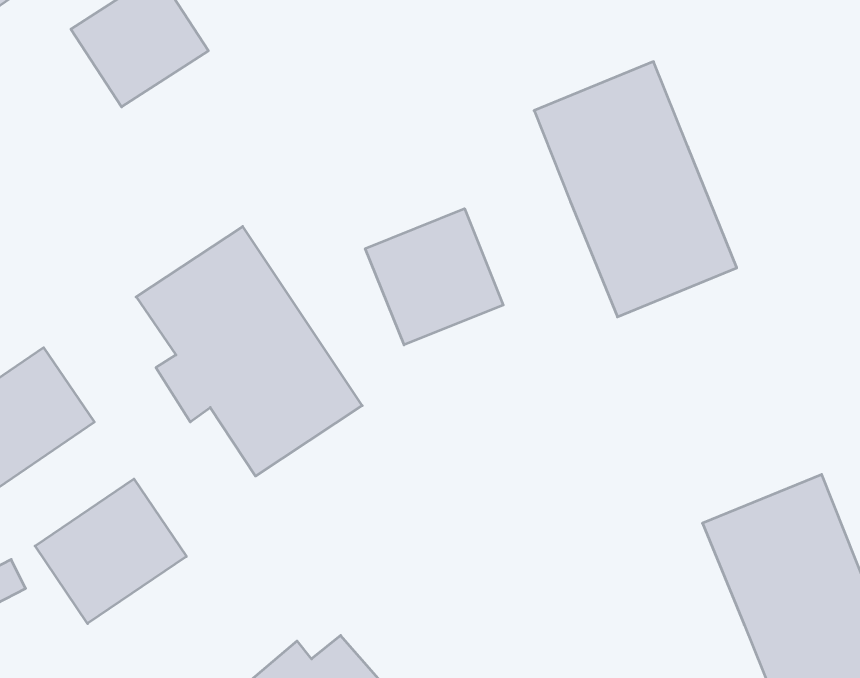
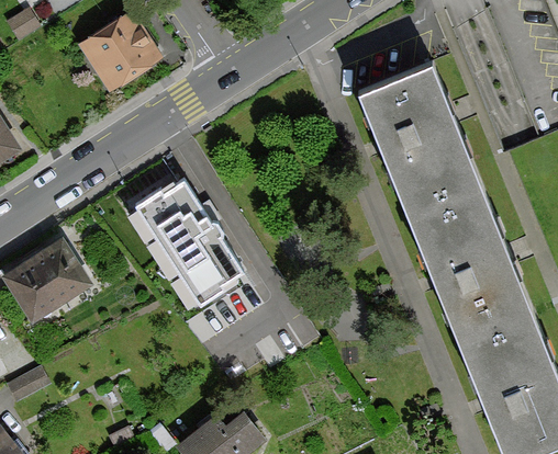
building: [365,209,503,345] -> none
building: none -> [408,190,532,344]
building: [35,479,186,624] -> none

